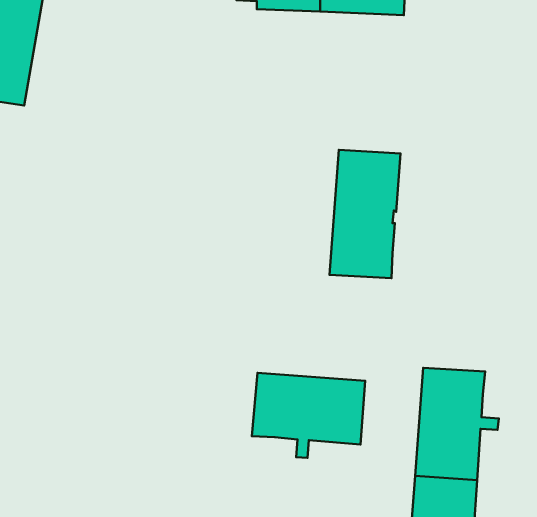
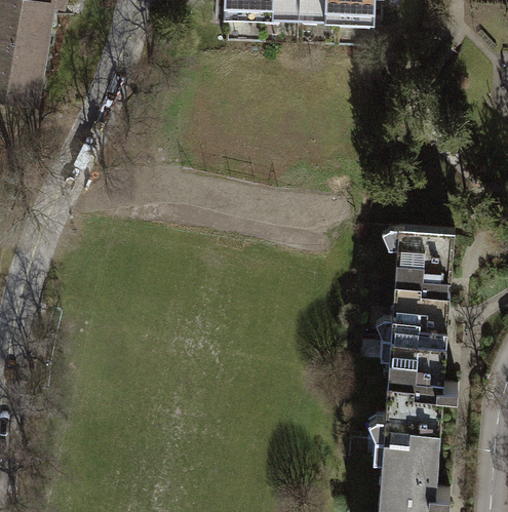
building: [330,150,401,278] -> [389,224,453,339]
building: [252,373,365,458] -> none

